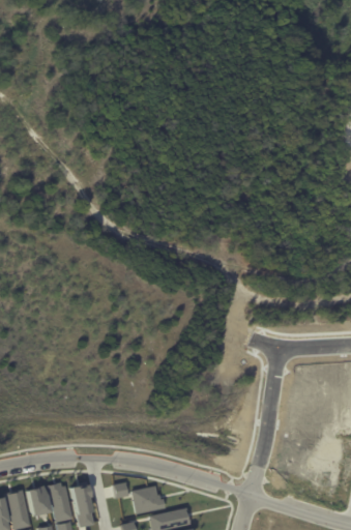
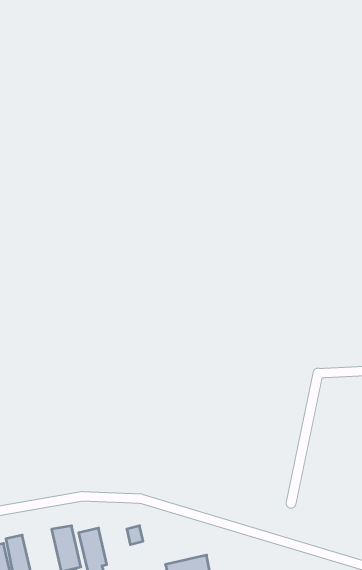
building: [131,485,166,513] -> none
building: [29,487,52,516] -> none

